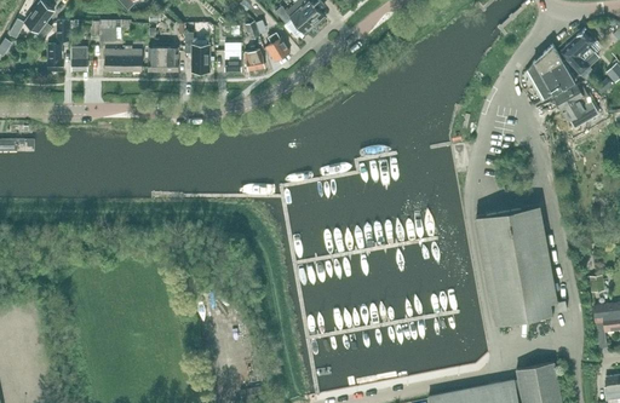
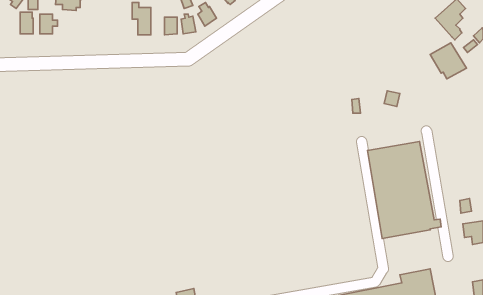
building: [148,36,177,73] -> none
building: [527,44,575,99] -> none
building: [104,46,142,71] -> none

